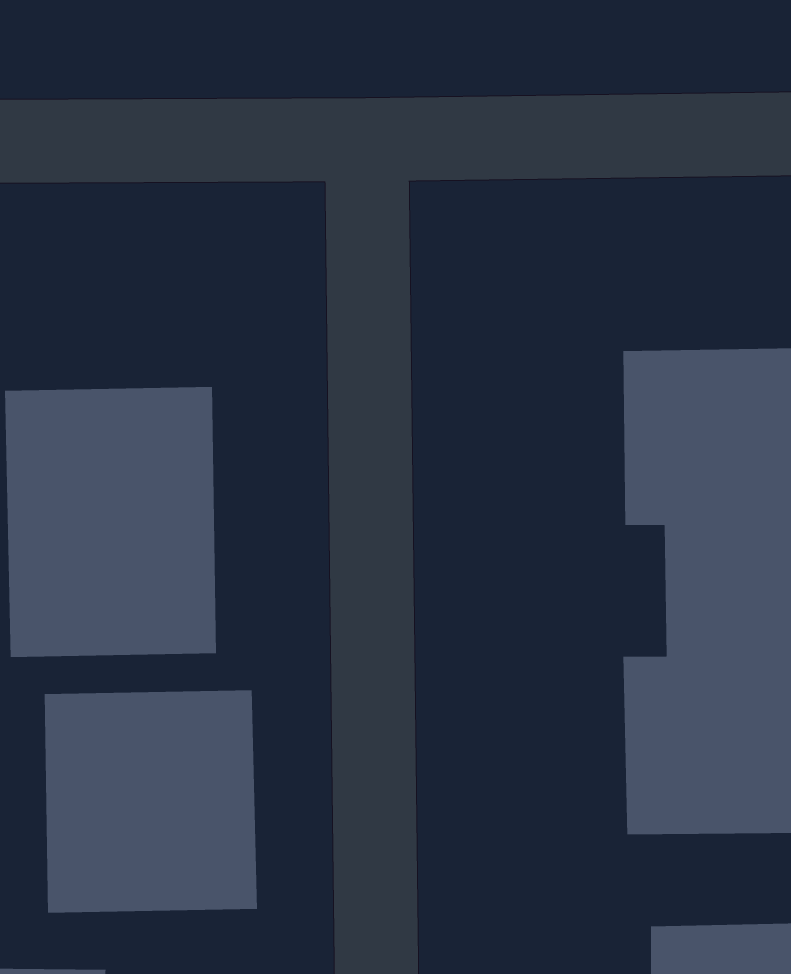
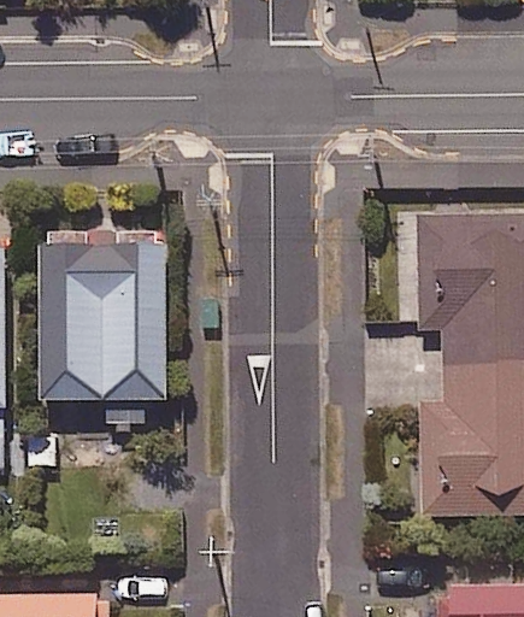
building: [44,689,258,914] -> none

